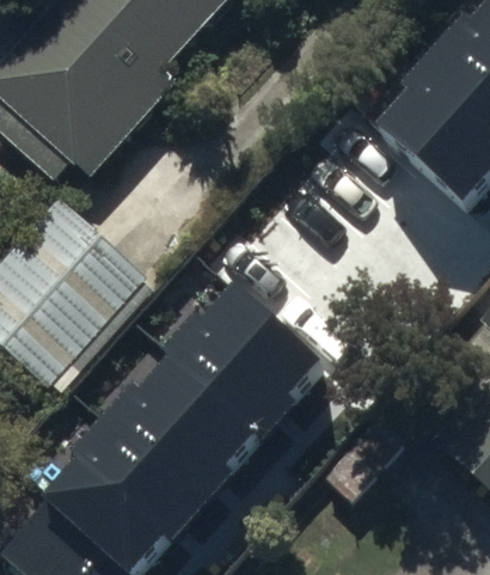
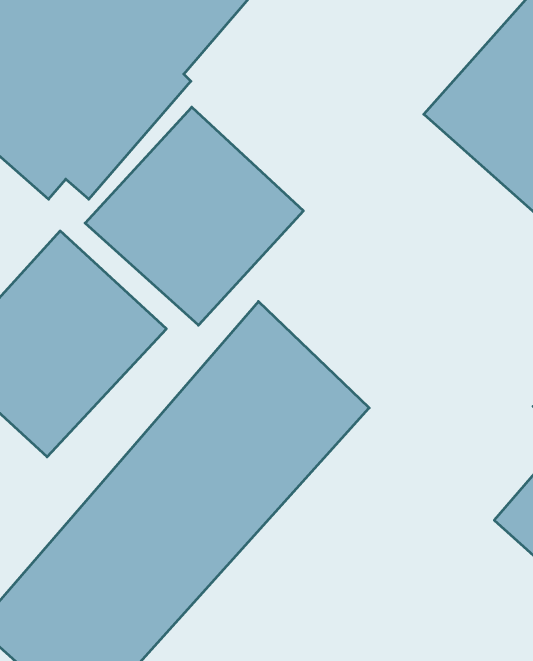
building: none -> [85,107,303,325]

